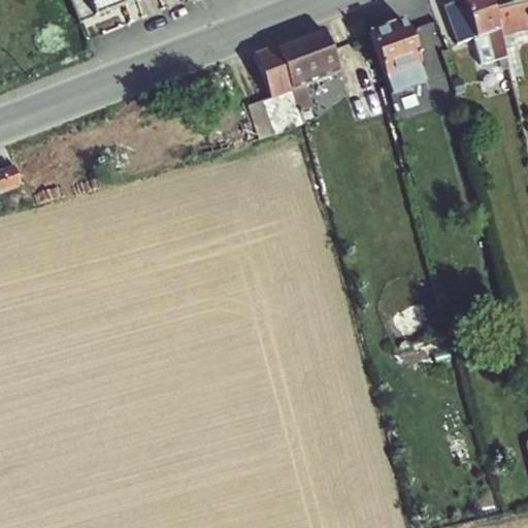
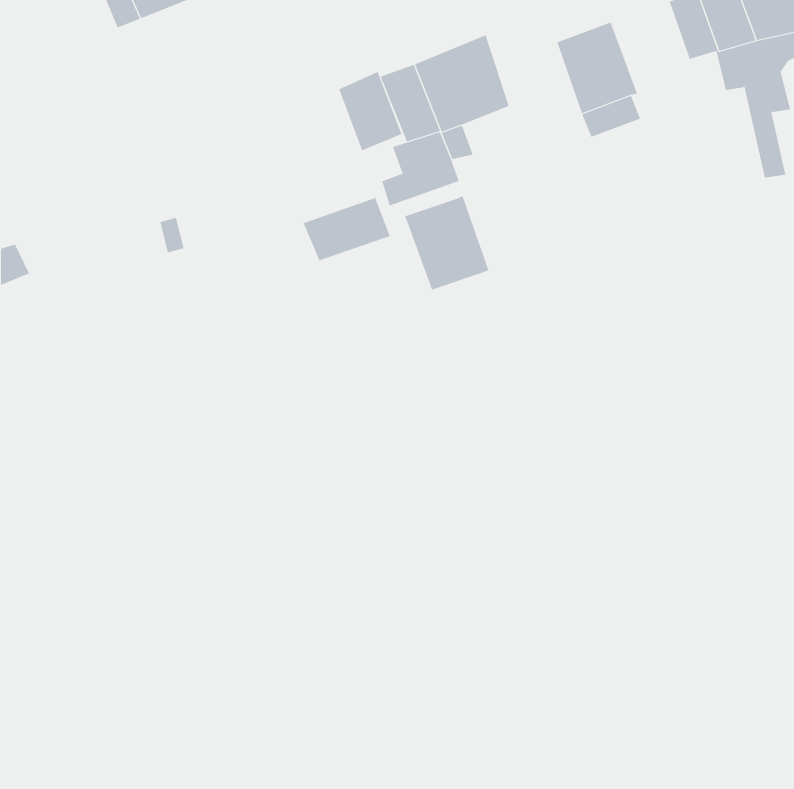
building: none -> [339,71,402,151]
building: none -> [404,195,489,291]
building: none -> [303,197,390,261]

